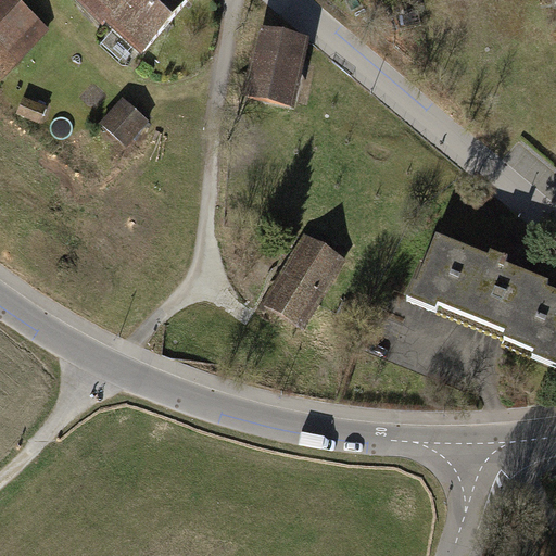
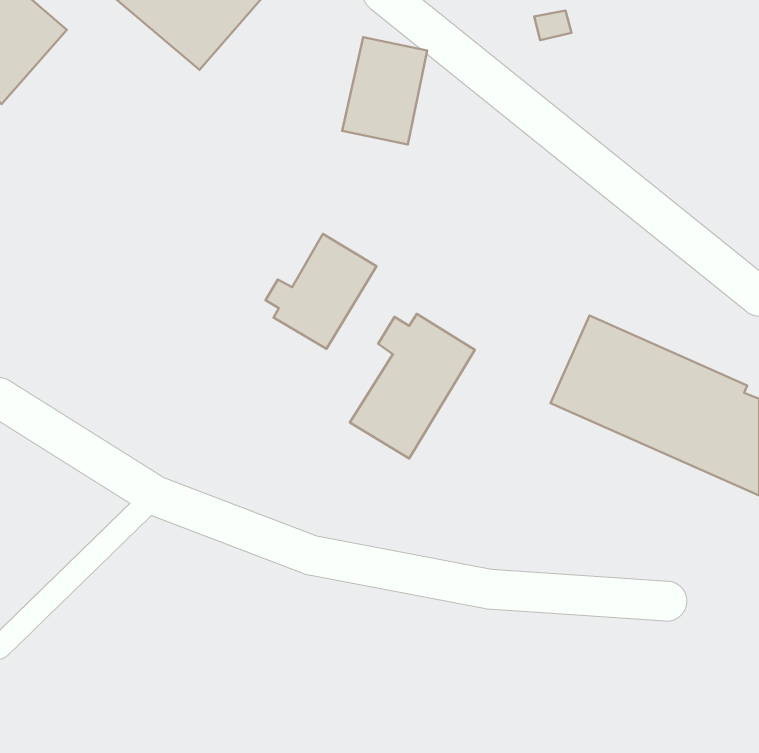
building: [100,93,153,147] -> none
building: none -> [265,234,376,349]

